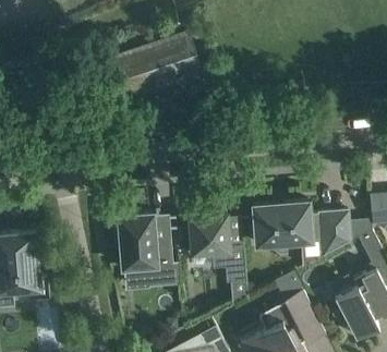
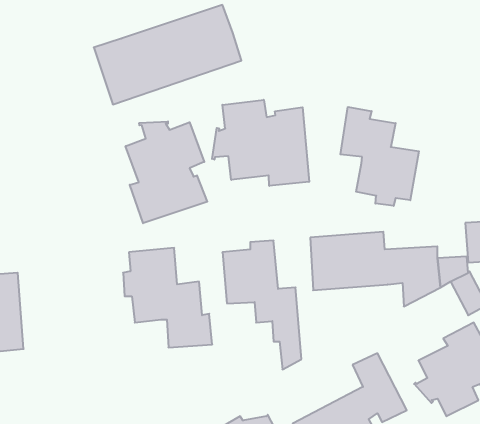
building: none -> [212,100,309,186]
building: none -> [340,107,419,206]
building: none -> [126,121,207,223]

